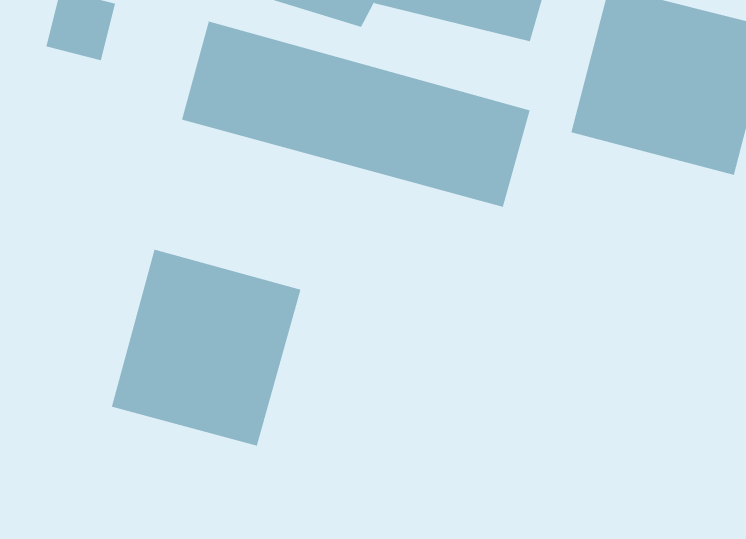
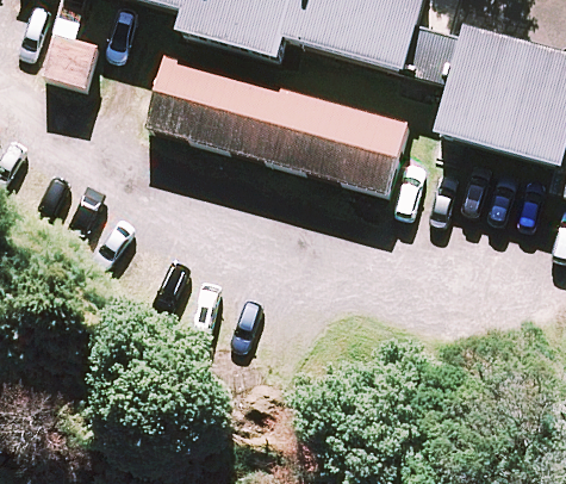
building: [111,249,301,447] -> none

